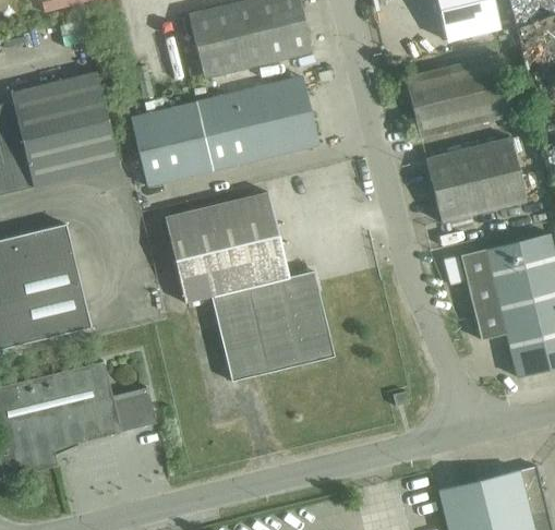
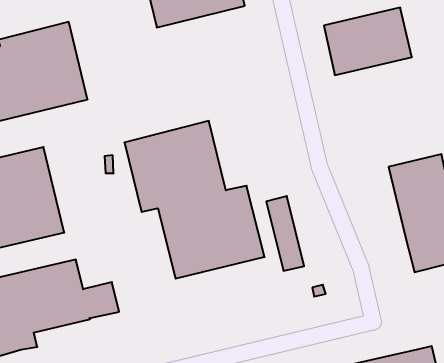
building: [131,75,318,184] -> none
building: [425,137,526,221] -> none
building: [460,248,506,338] -> [266,196,304,271]

